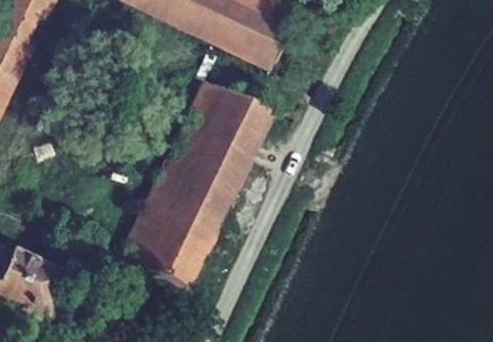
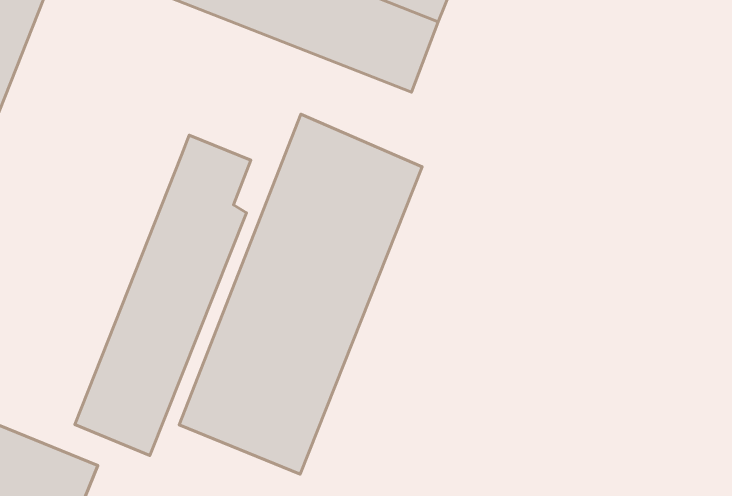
building: none -> [75,135,251,455]

